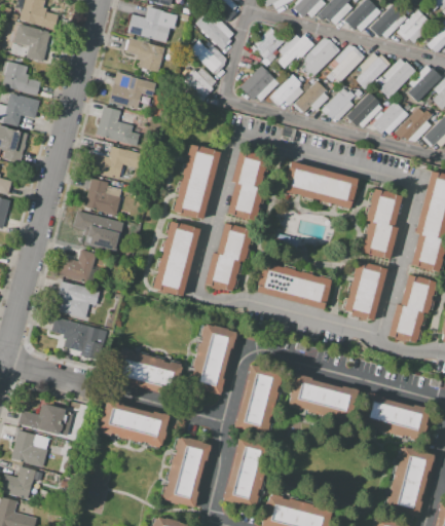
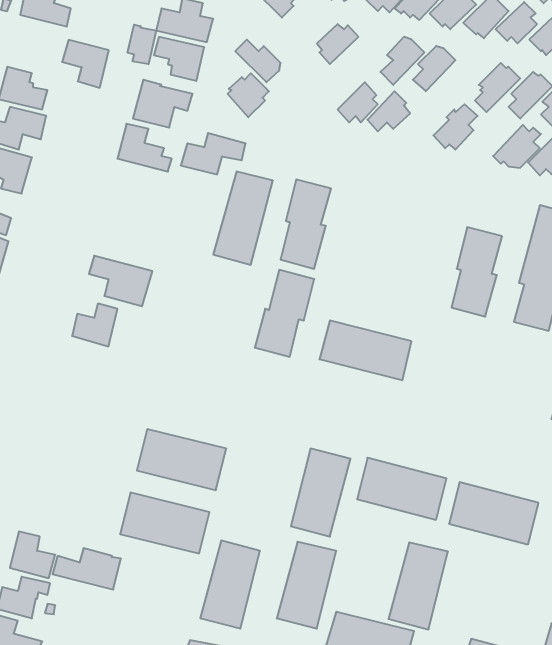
building: [195,14,234,50] -> none
building: [14,25,51,63] -> [62,40,109,88]
building: none -> [128,25,156,64]
building: [279,34,314,68] -> none
building: [357,52,391,89] -> none
building: [239,66,280,101] -> none
building: [322,87,356,121] -> none
building: [372,102,409,135] -> none
building: [90,146,142,179] -> [181,133,246,174]
building: [285,162,358,210] -> none
building: [82,178,122,215] -> none
building: [152,221,200,295] -> none
building: [345,261,386,321] -> none
building: [388,274,436,342] -> none
building: [57,281,100,318] -> none
building: [52,317,103,361] -> none
building: [190,324,237,393] -> none
building: [18,404,73,437] -> [52,548,121,590]
building: [385,447,433,516] -> [388,543,448,629]

